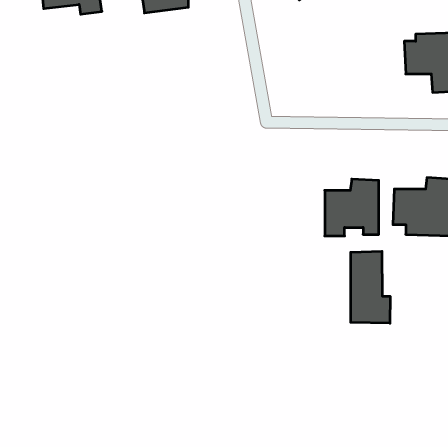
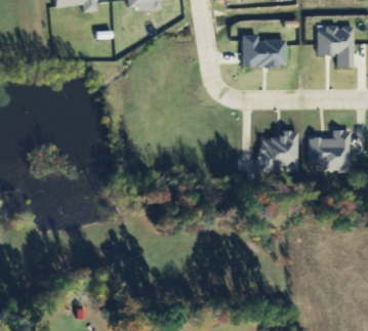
building: none -> [243,34,286,67]
building: [351,251,390,323] -> none

